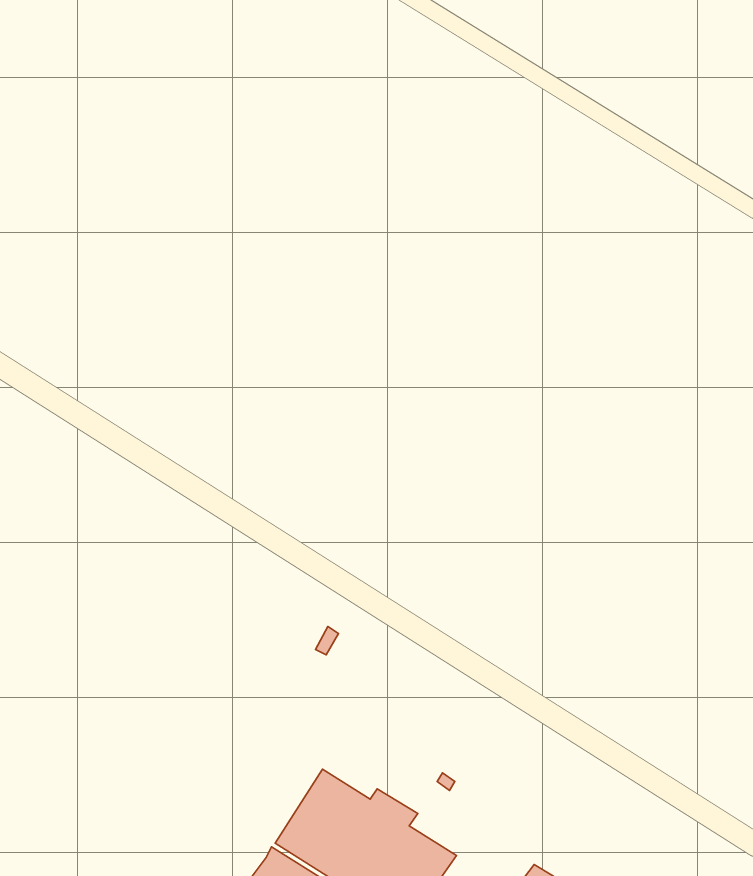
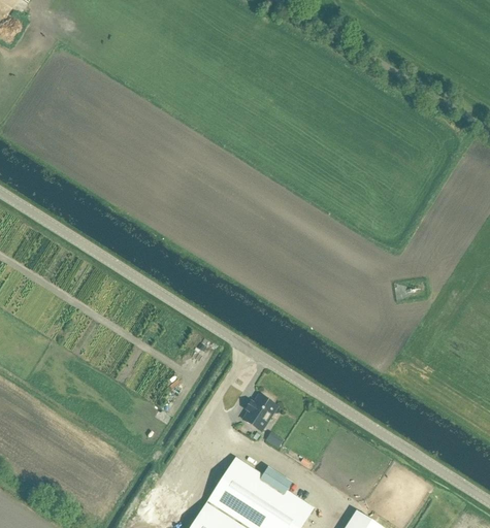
building: none -> [242,395,275,431]

